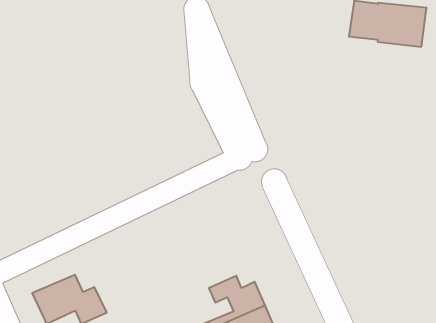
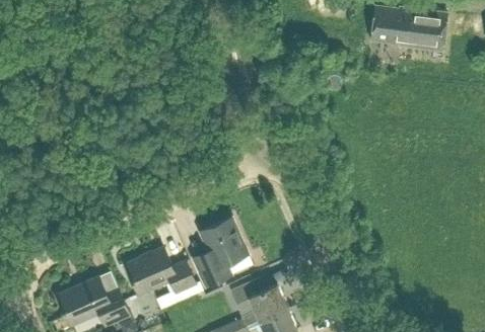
building: none -> [193,218,248,287]
building: none -> [125,248,199,309]

